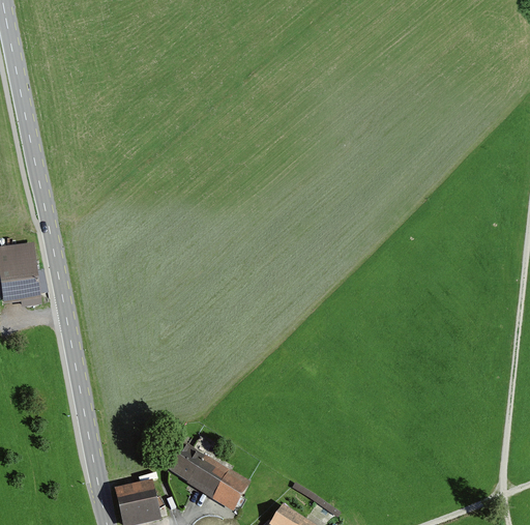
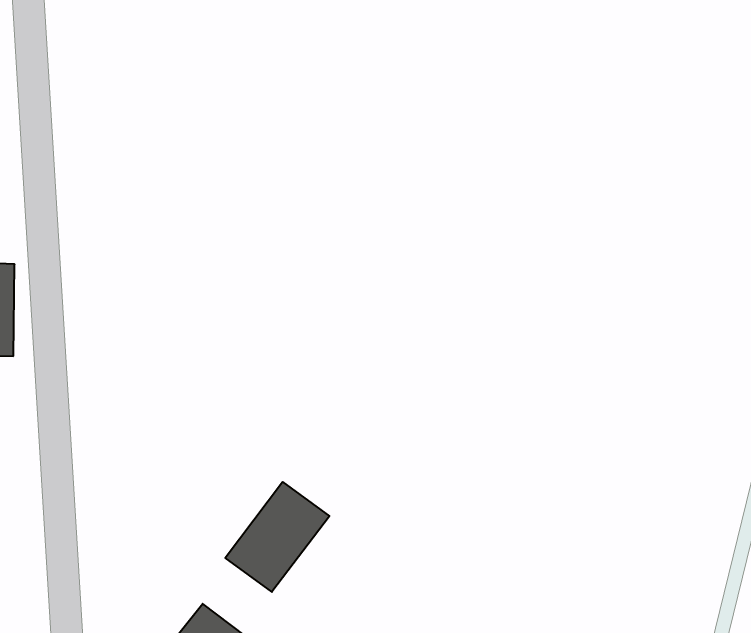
building: none -> [225,482,329,592]

